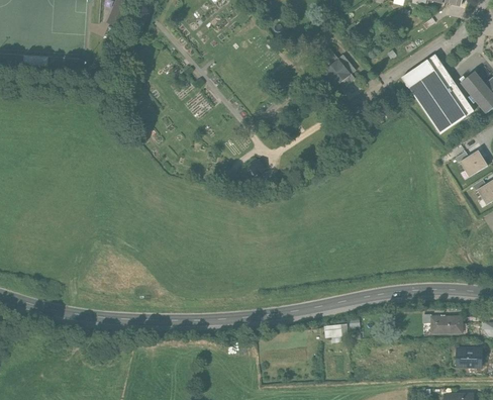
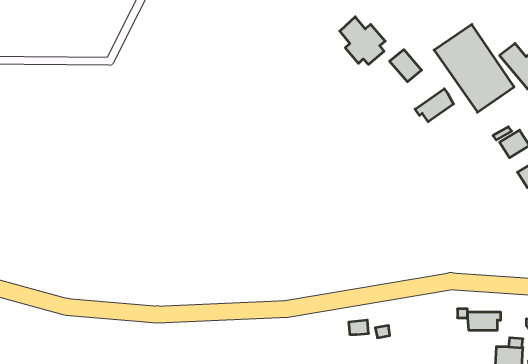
building: none -> [390,50,422,82]
building: none -> [415,89,454,122]

